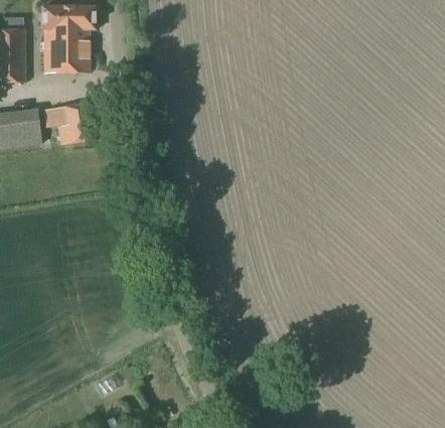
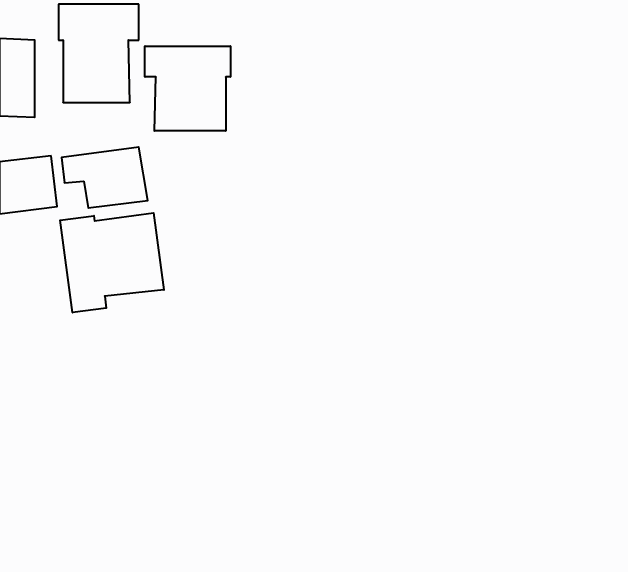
building: none -> [145,46,230,131]
building: none -> [60,213,164,313]

